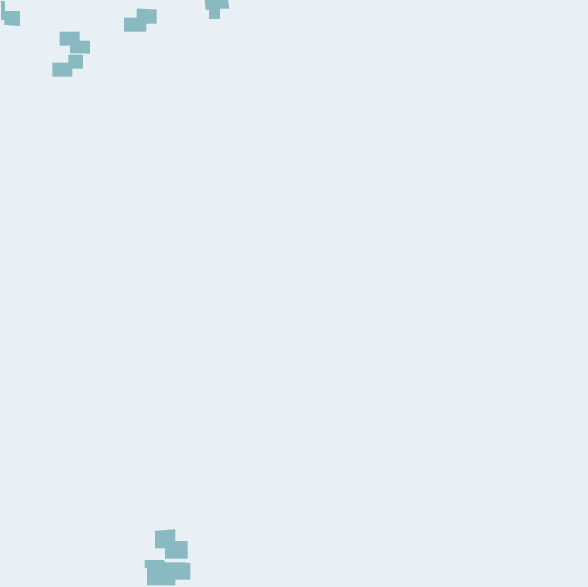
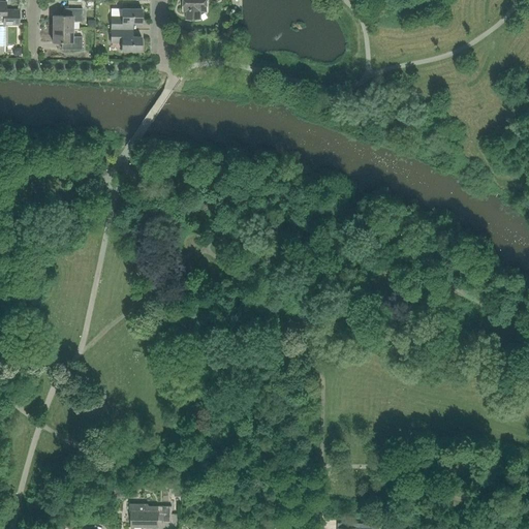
building: none -> [111,29,142,50]
building: [51,54,84,77] -> [53,7,82,28]
building: [154,529,188,559] -> none

